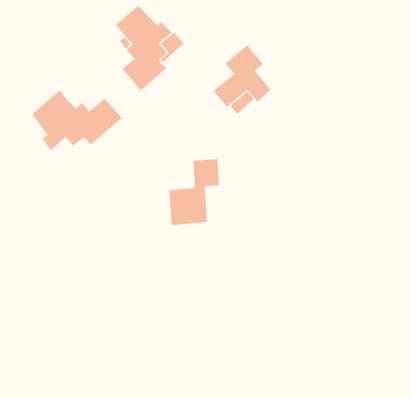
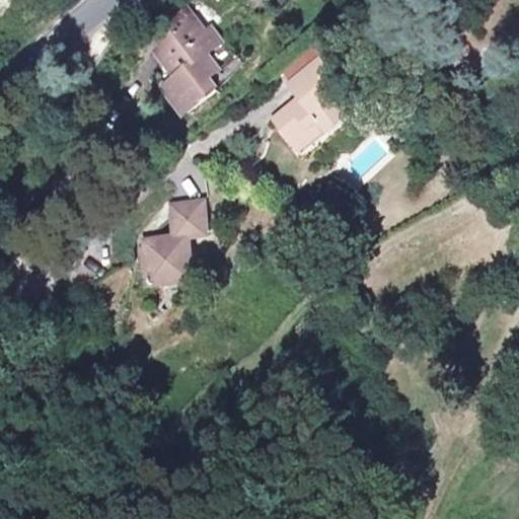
building: [31,90,123,151] -> none
building: [169,158,220,226] -> [143,202,208,287]

